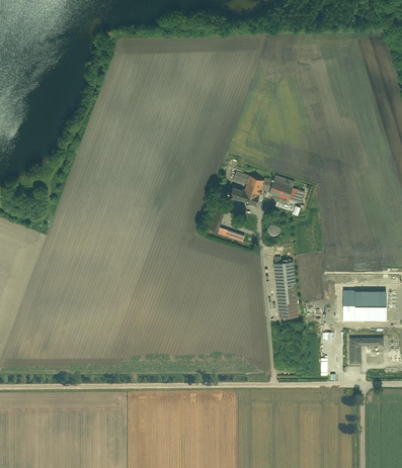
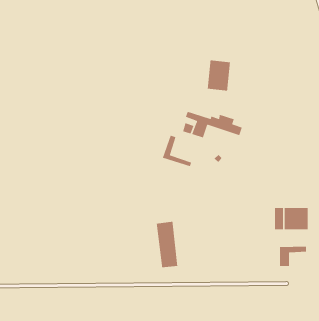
building: none -> [207,60,231,91]
building: [270,261,298,319] -> [156,221,178,268]

